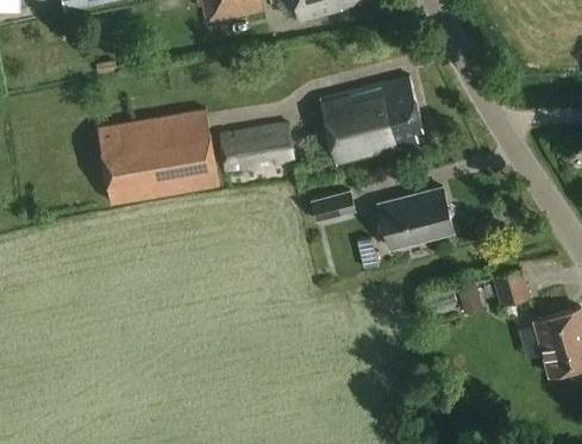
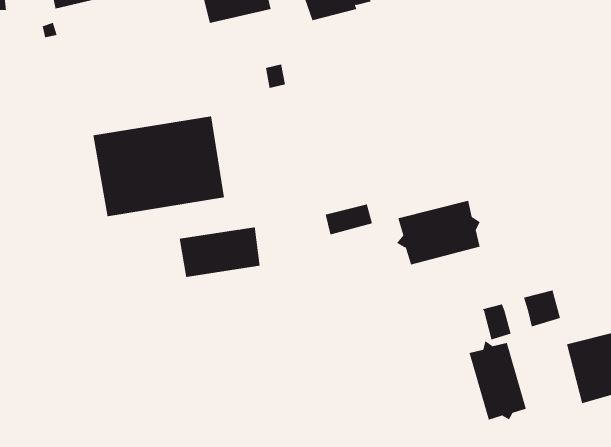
building: [320,77,423,164] -> none
building: [219,124,294,170] -> [179,227,261,277]
building: none -> [469,340,526,420]

